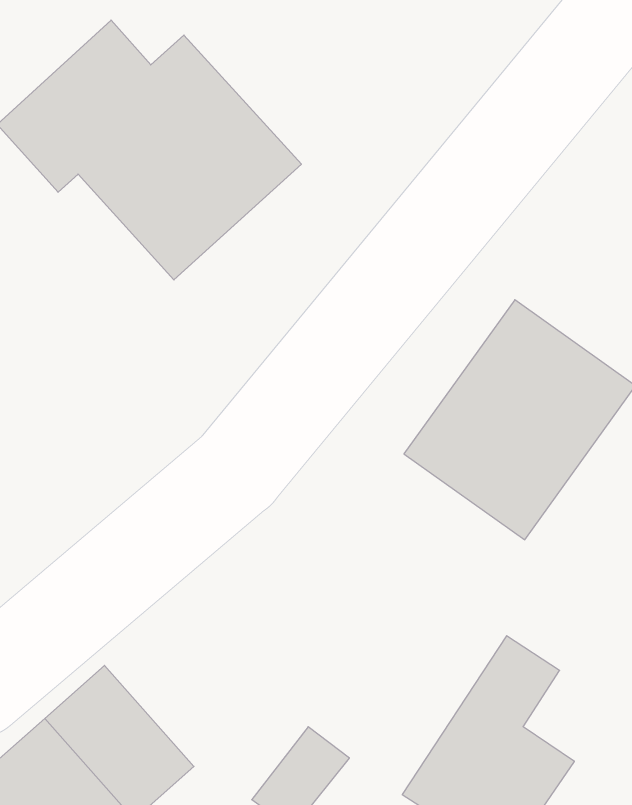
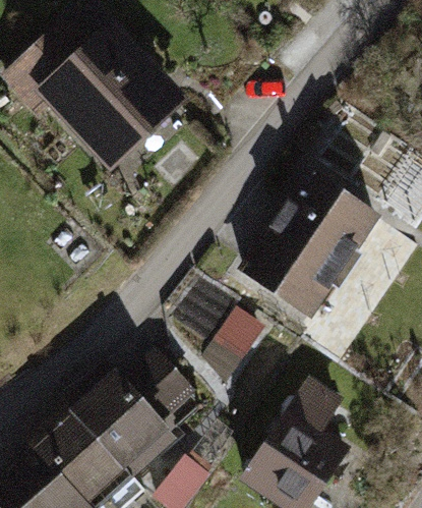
building: none -> [67,341,187,481]

